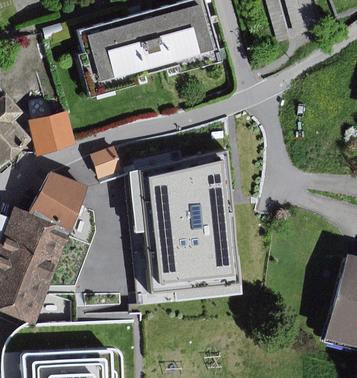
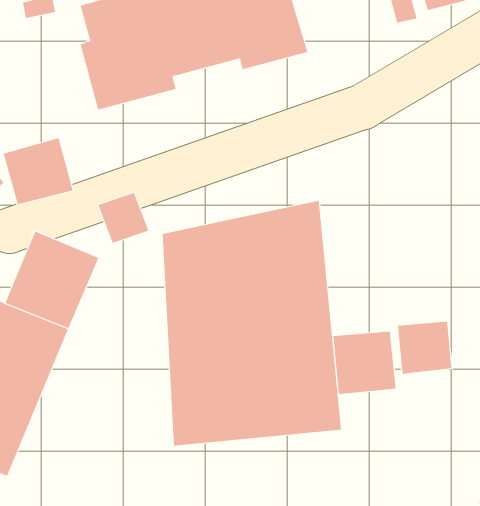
building: none -> [397,321,452,374]
building: none -> [333,331,396,395]

